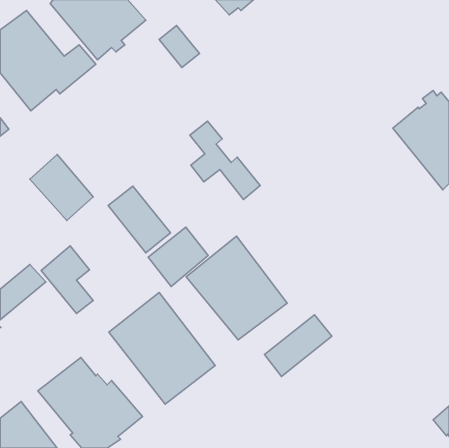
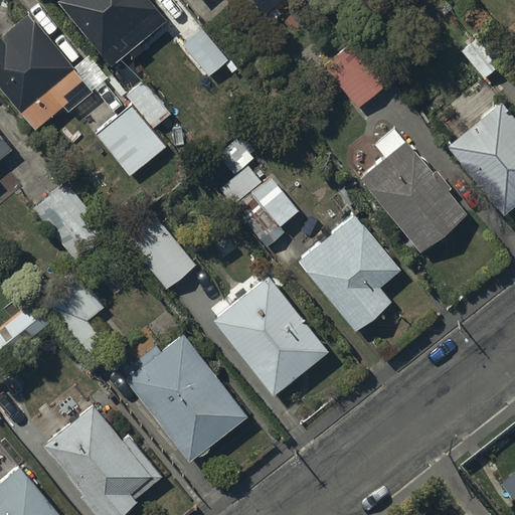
building: none -> [328,48,387,109]
building: none -> [96,99,166,170]
building: none -> [359,129,461,253]
building: none -> [298,215,402,332]
building: [148,227,208,286] -> none
building: [264,315,332,377] -> none

